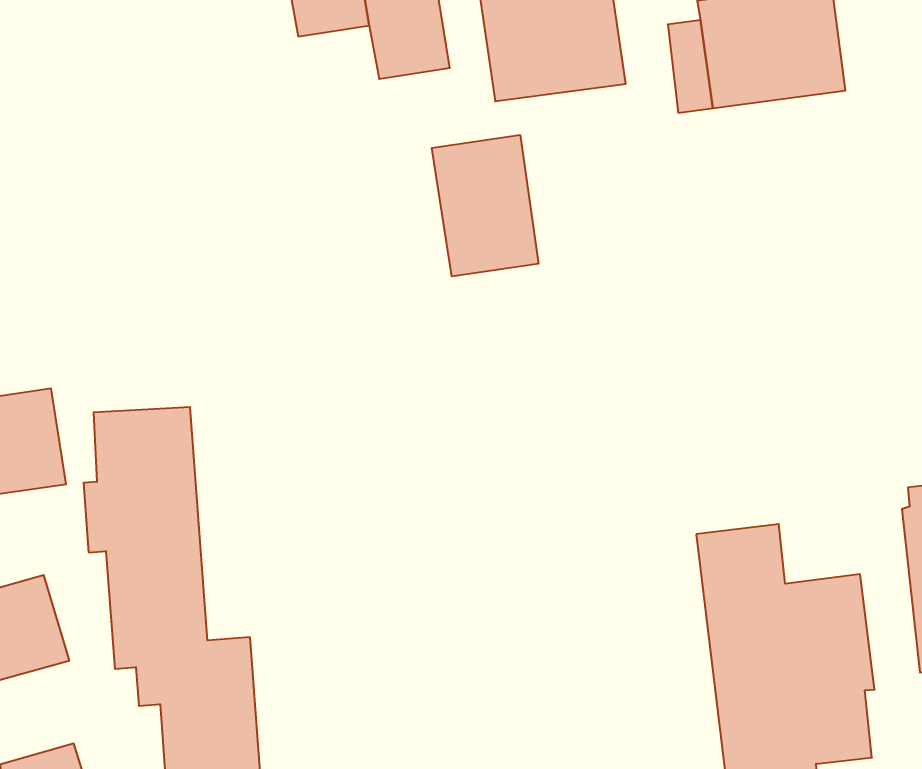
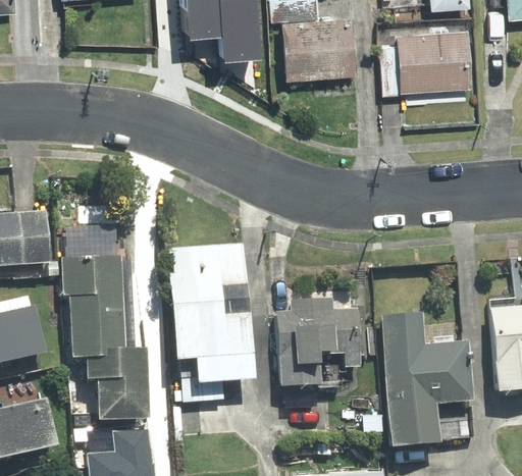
building: [432,135,539,276] -> none
building: none -> [162,244,250,401]
building: none -> [275,300,361,387]

